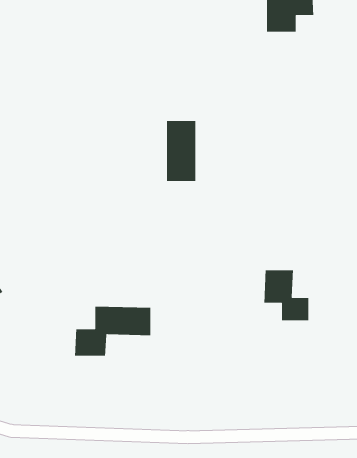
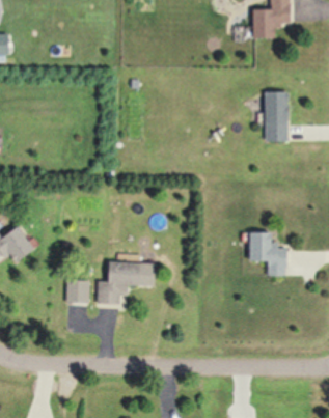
building: [166,120,196,182] -> [265,90,290,141]
building: none -> [65,280,88,303]

